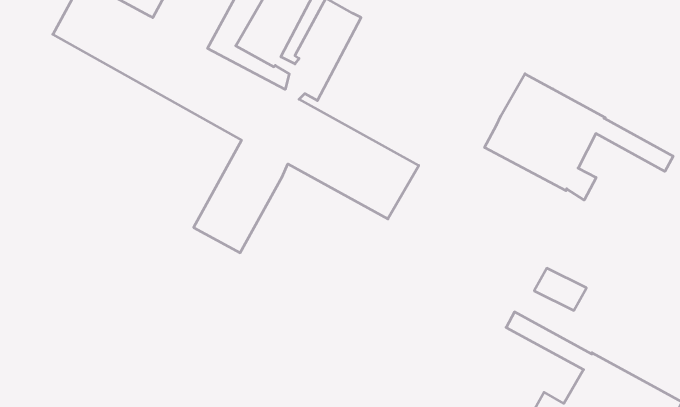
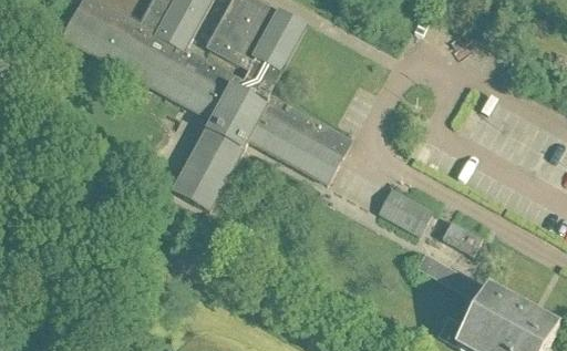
building: [485,74,673,200] -> none
building: none -> [378,188,433,235]

